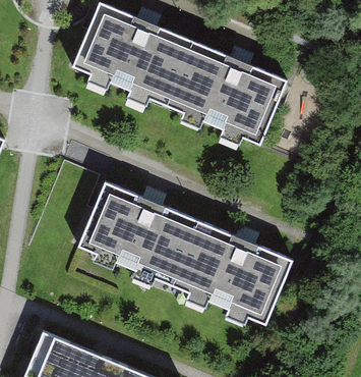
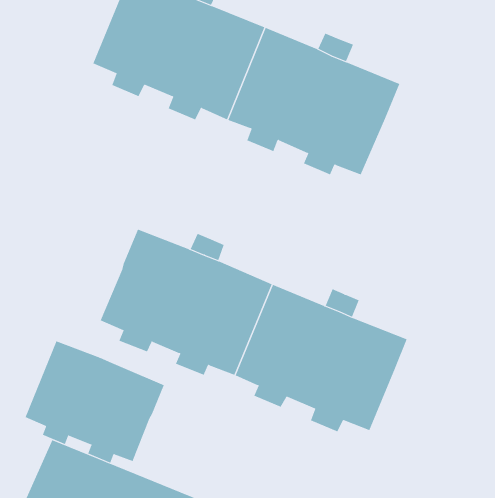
building: none -> [25,340,164,463]

